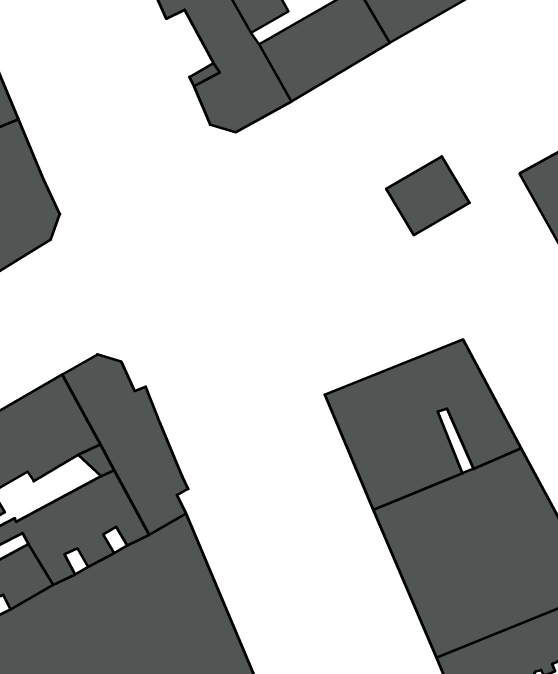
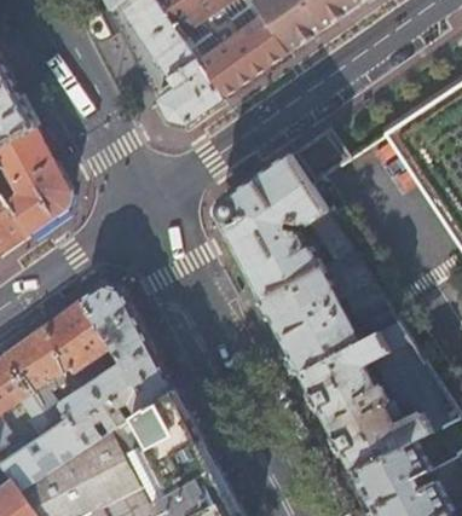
building: none -> [219,156,352,298]

